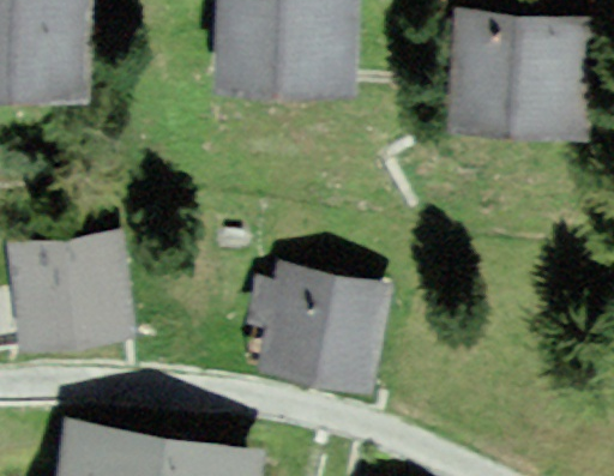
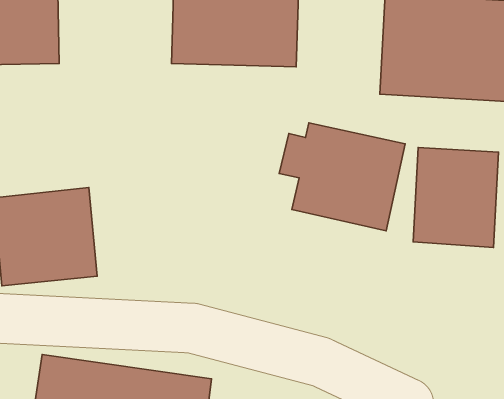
building: none -> [413,148,498,247]
building: [246,264,389,386] -> [279,123,405,231]

